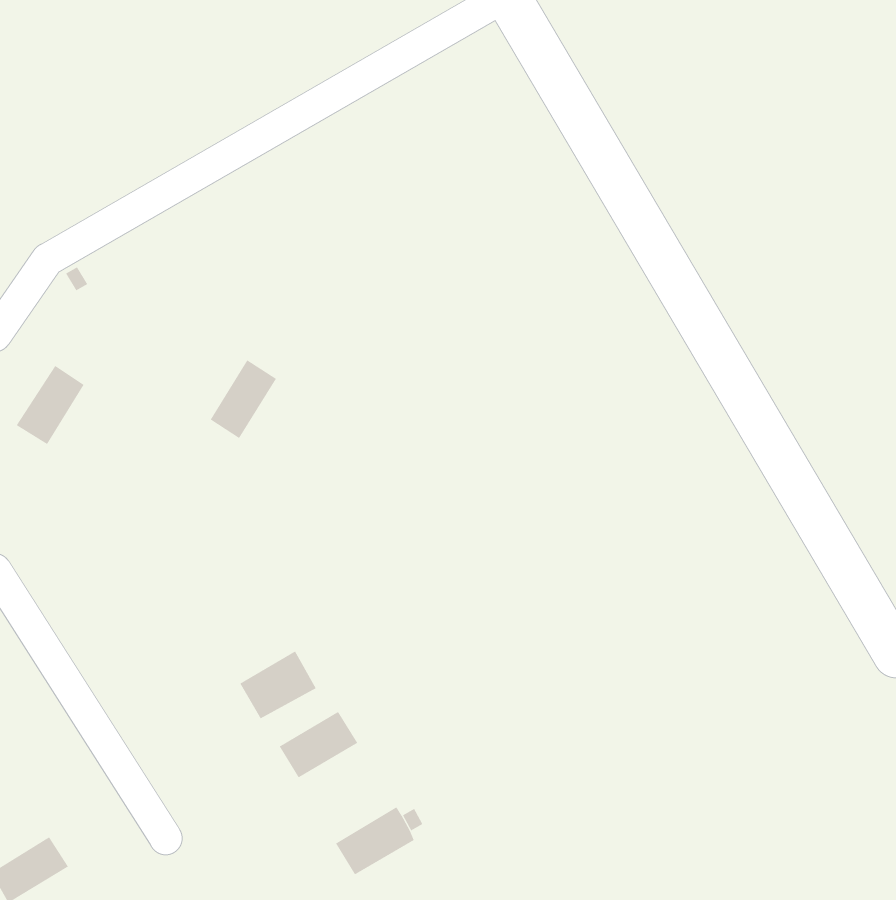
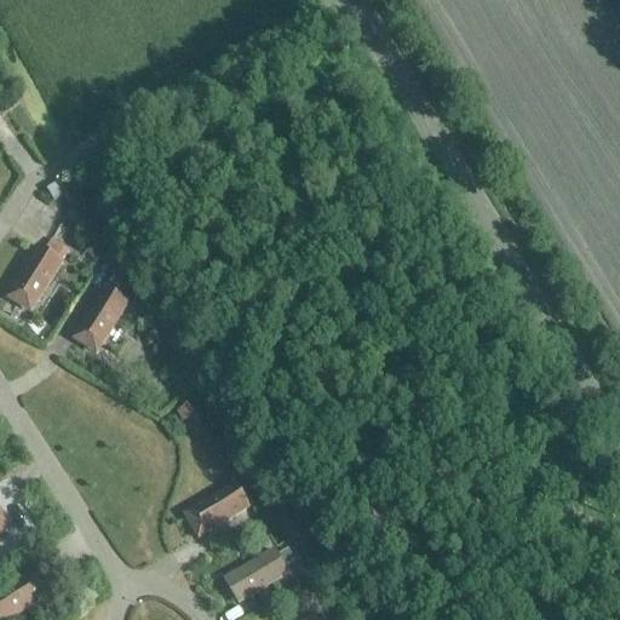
building: [210,359,277,439] -> [78,293,124,348]
building: [239,650,316,719] -> none

